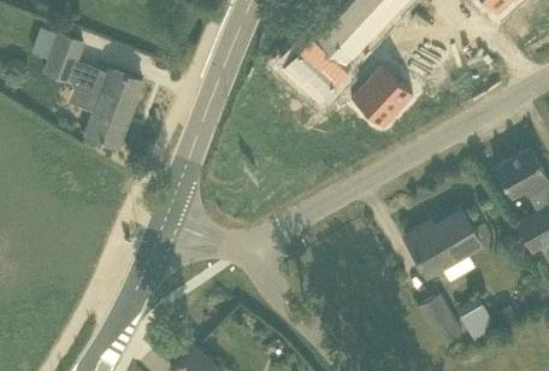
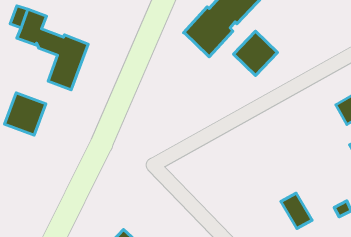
building: none -> [4,93,46,135]
building: [406,213,480,276] -> none
building: [456,300,496,342] -> none

